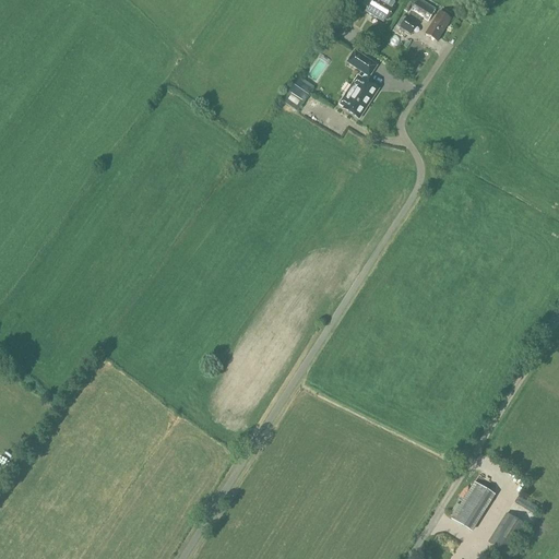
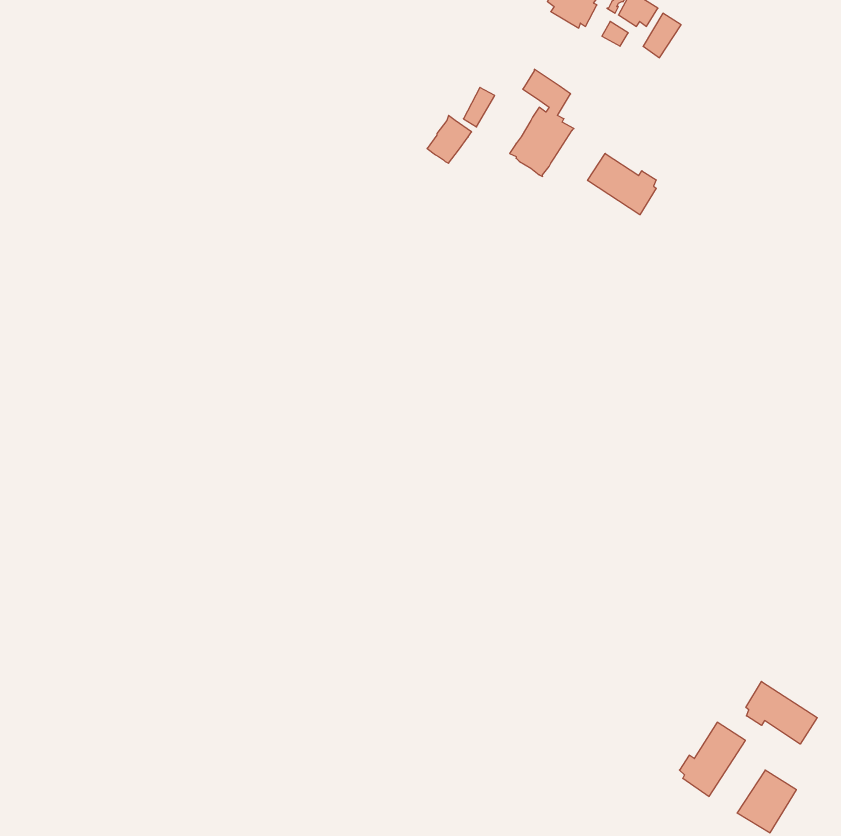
building: none -> [588,153,656,215]
building: none -> [746,681,817,744]

